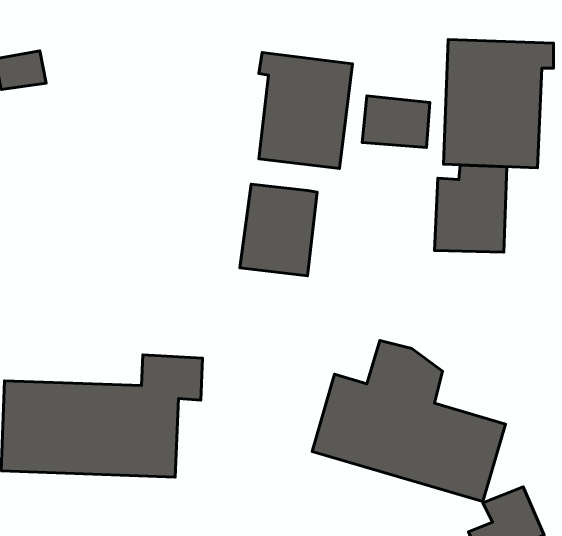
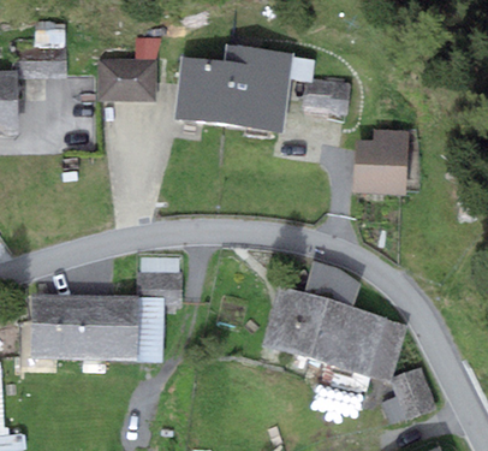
building: [443,39,554,168] -> none
building: none -> [97,58,157,99]
building: [240,184,317,276] -> [172,55,230,124]

